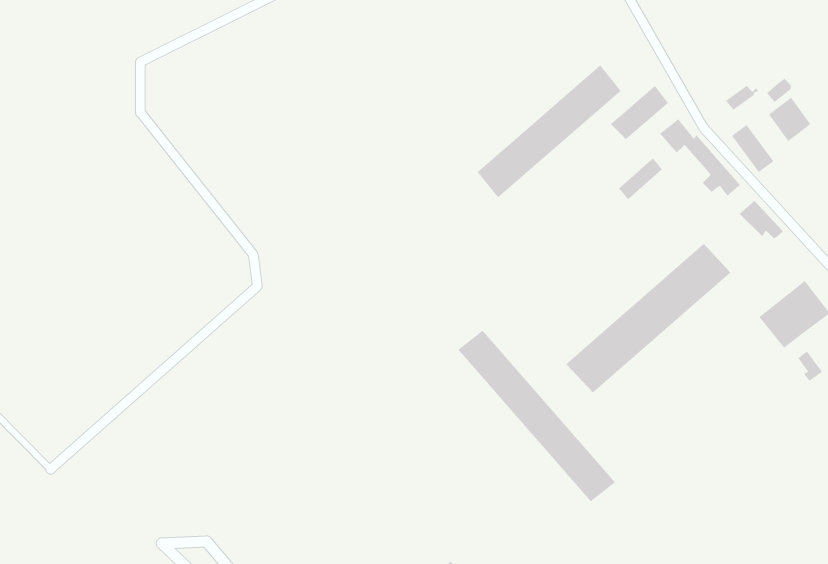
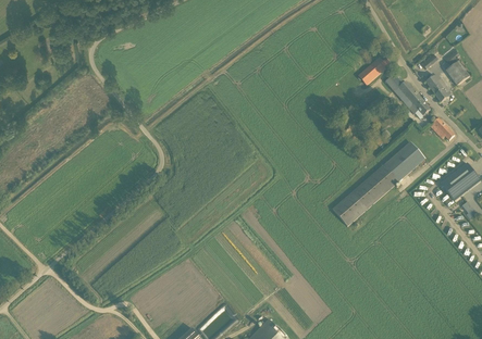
building: [477,65,622,198] -> none
building: [458,330,616,502] -> none

